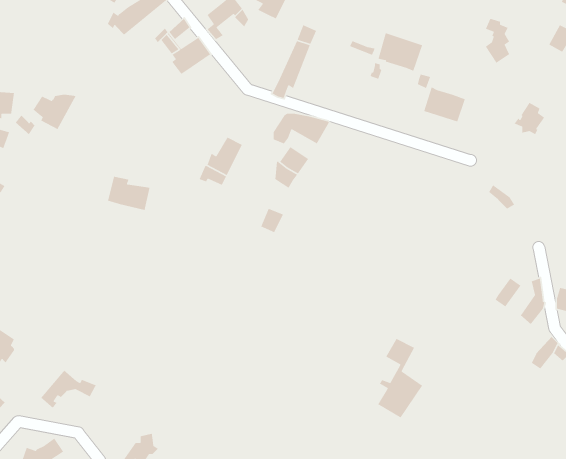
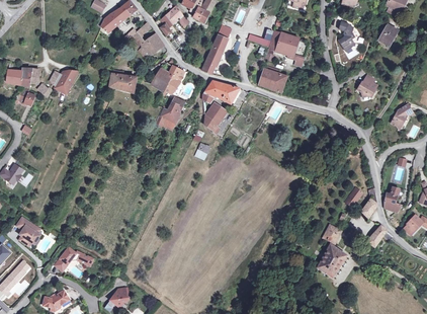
building: [423,86,466,123] -> [259,68,286,91]
building: none -> [152,66,185,94]
building: [107,176,150,211] -> [109,70,137,92]
building: [377,338,423,419] -> [318,225,347,277]

